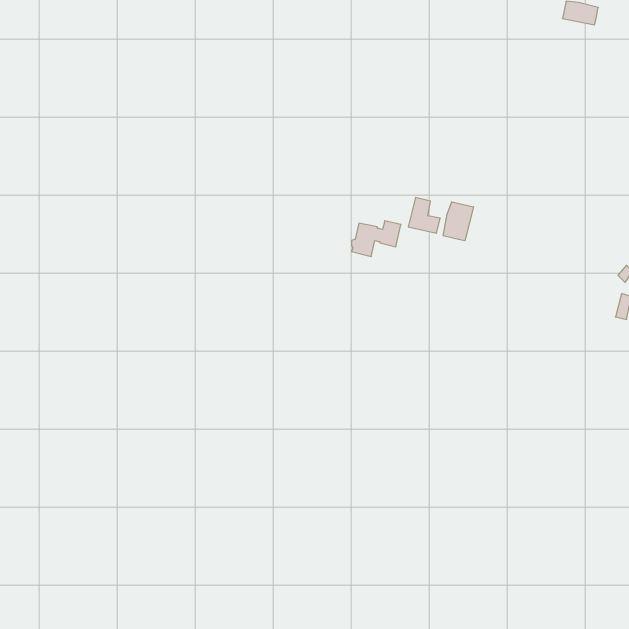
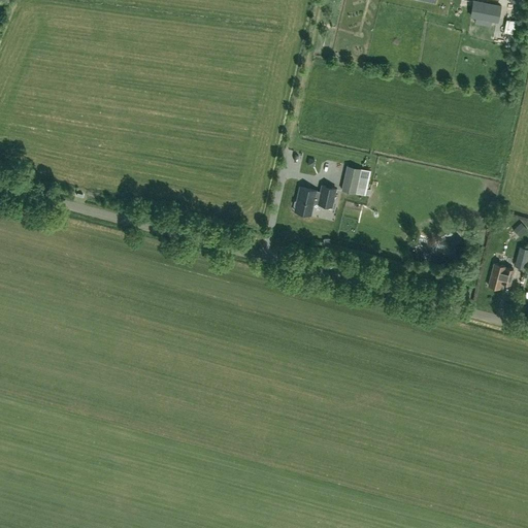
building: [443,202,473,241] -> none
building: none -> [489,264,514,289]

